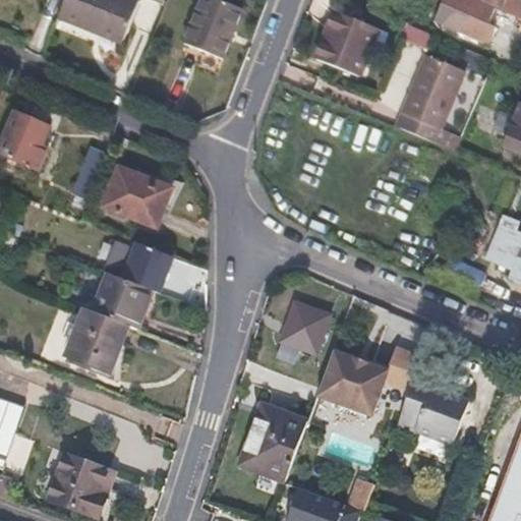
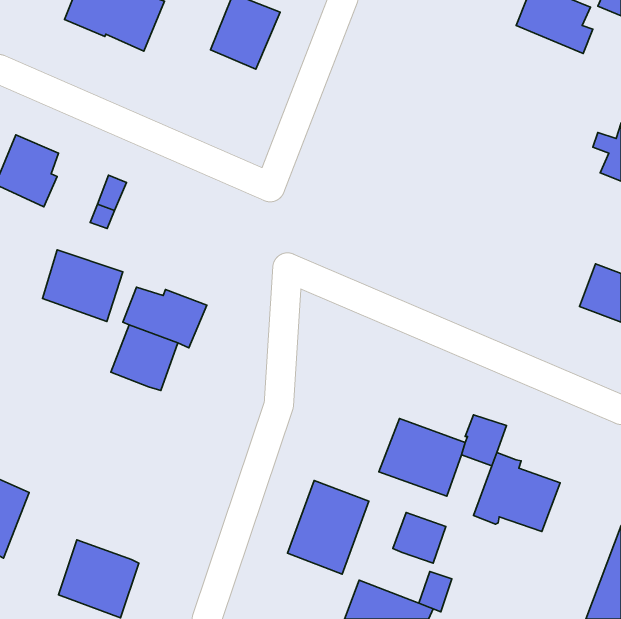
building: [315,8,389,71] -> none
building: [395,51,466,150] -> none
building: [107,166,174,226] -> [42,250,123,322]
building: [280,301,330,352] -> none
building: [64,306,124,368] -> none
building: none -> [393,512,446,563]

